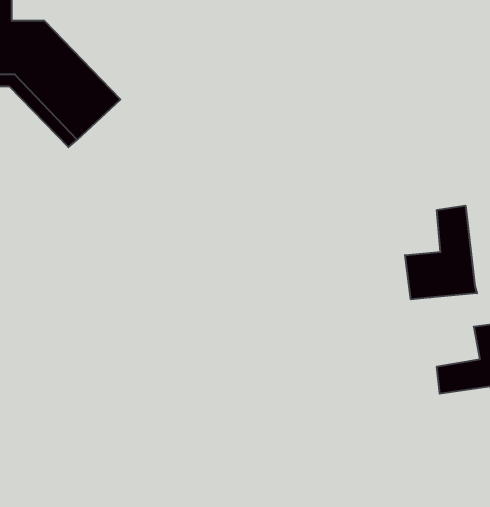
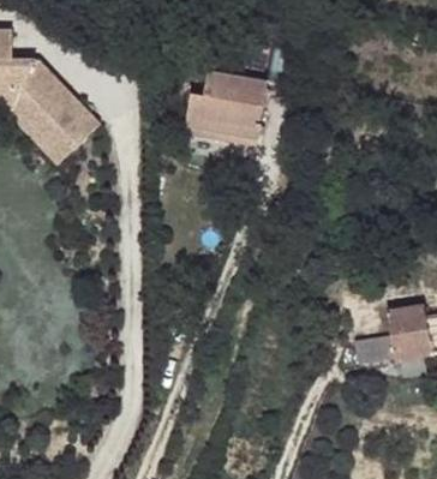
building: none -> [185,72,267,138]
building: [405,206,477,299] -> none

